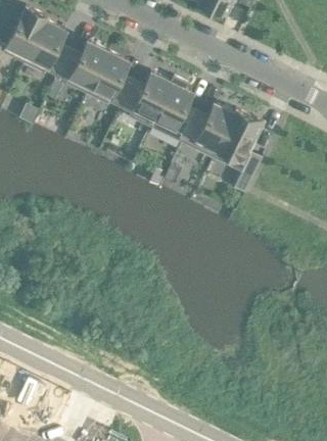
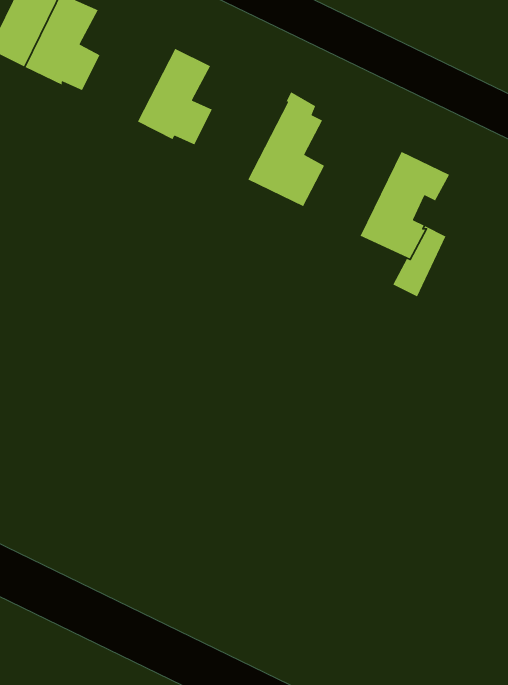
building: [57,43,109,95] -> none
building: [121,74,173,128] -> none
building: [182,105,237,159] -> none

